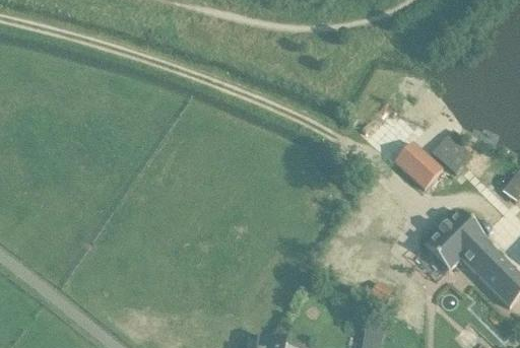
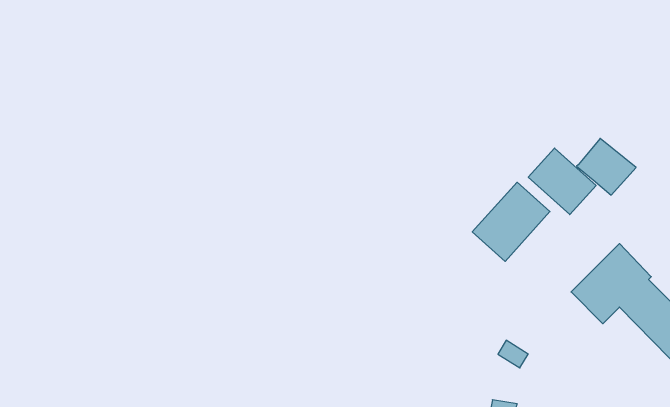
building: none -> [472,182,550,261]

